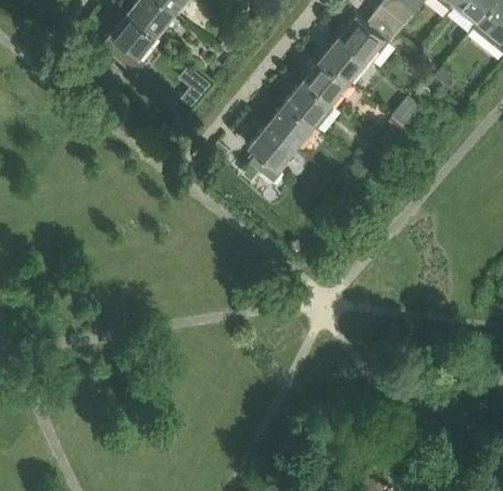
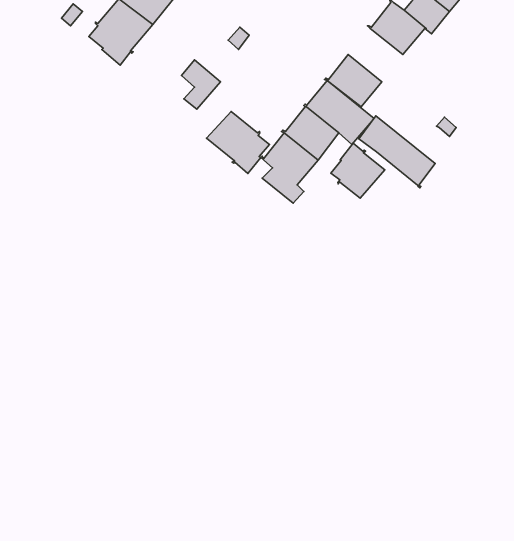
building: [319,37,366,81] -> none
building: none -> [207,112,269,173]
building: none -> [359,116,435,188]
building: none -> [331,143,385,198]

